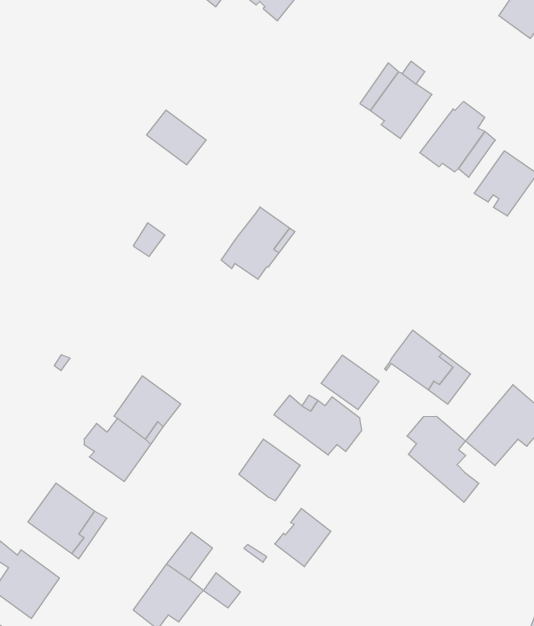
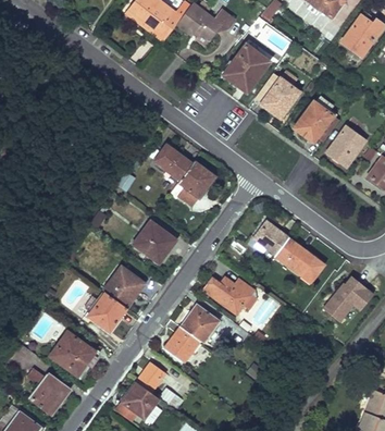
building: none -> [222,44,270,93]
building: [147,110,206,165] -> [154,146,191,180]
building: none -> [133,221,176,263]
building: [321,355,379,410] -> [252,221,288,255]
building: [407,416,479,502] -> none
building: [275,509,331,567] -> [164,327,199,362]

